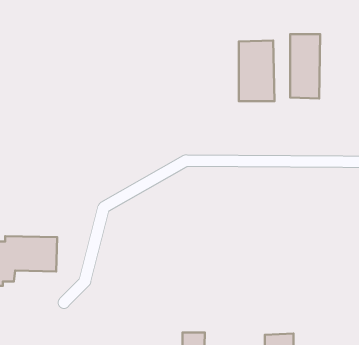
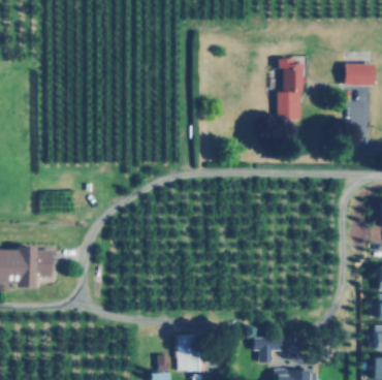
building: [239,40,274,101] -> none

